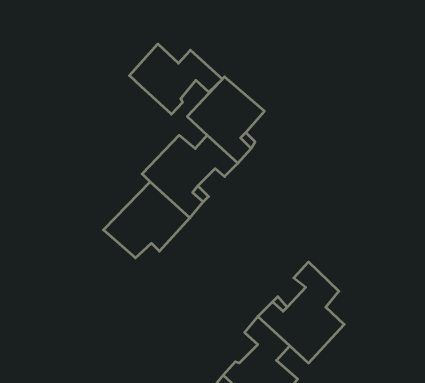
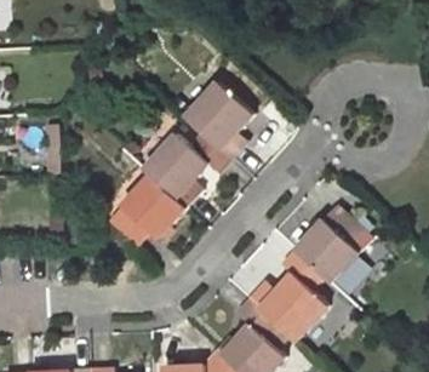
building: [129,44,222,114] -> none
building: none -> [294,205,365,282]

